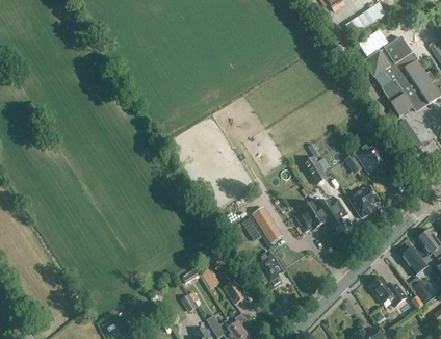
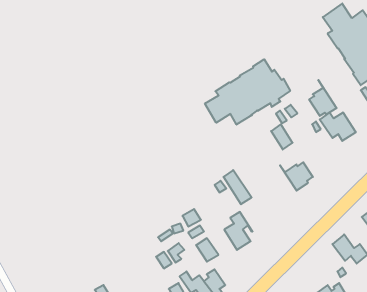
building: none -> [205,59,290,125]
building: none -> [309,80,337,116]
building: [348,185,379,217] -> none
building: [295,201,330,231] -> none

